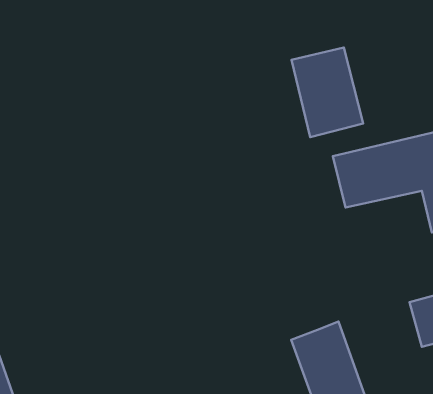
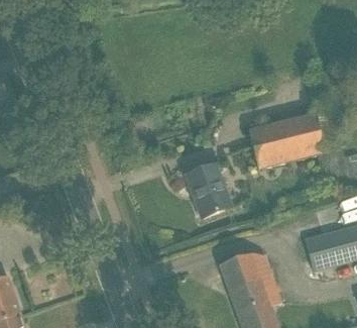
building: [292,48,363,137] -> none
building: none -> [187,162,233,216]

